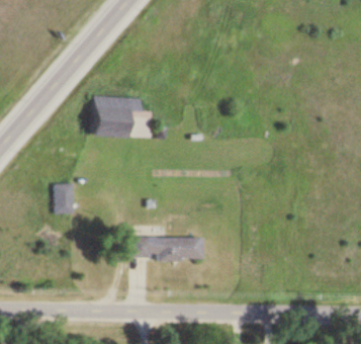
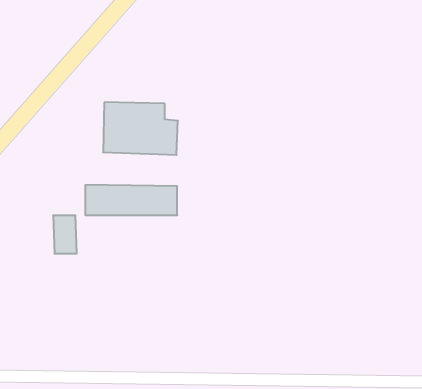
building: [130,236,201,259] -> [85,185,177,215]

